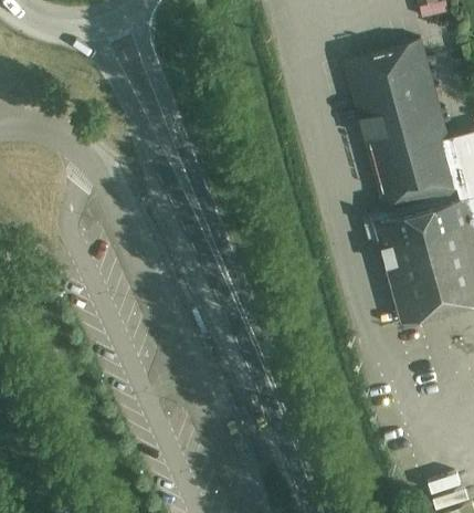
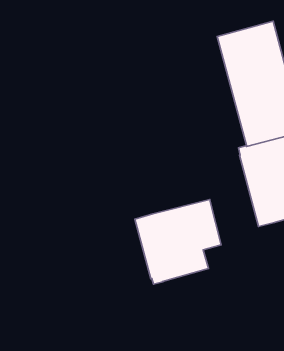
building: none -> [135,199,221,284]

